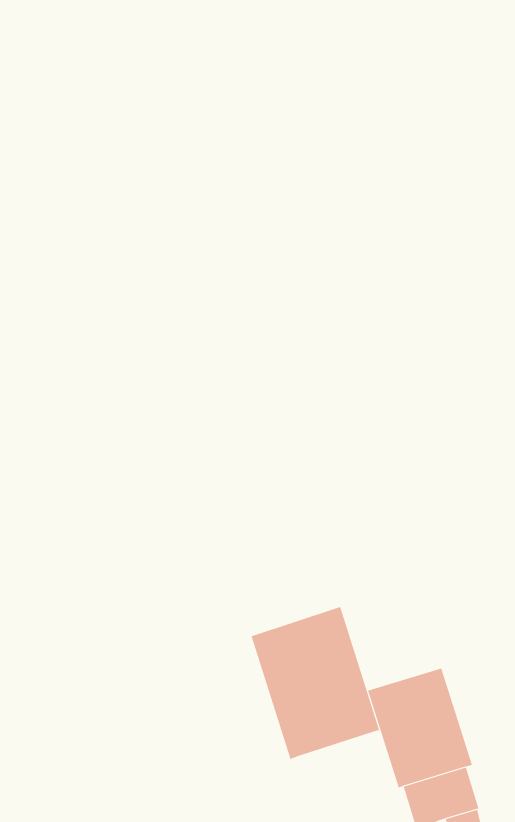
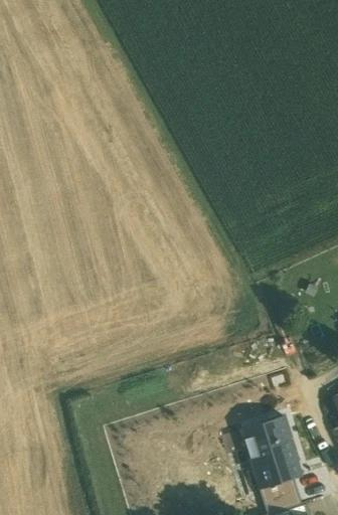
building: [251,606,380,760] -> none

